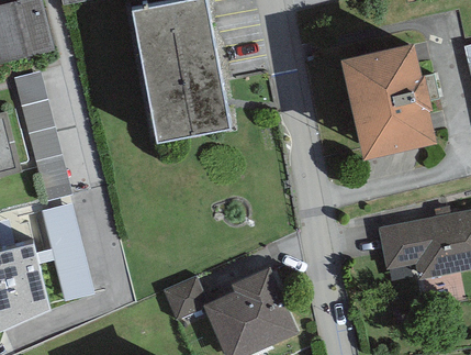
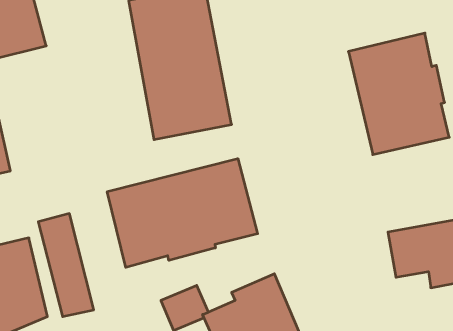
building: [20,79,75,209] -> none
building: none -> [107,159,258,267]

